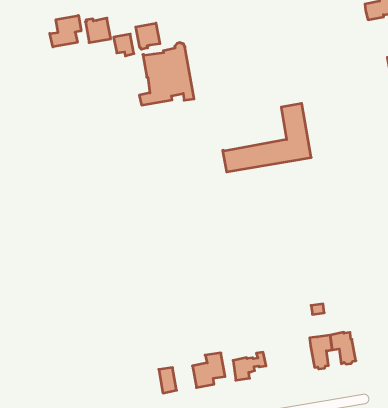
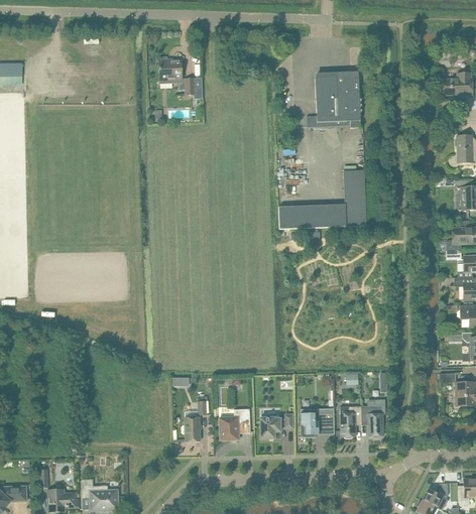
building: [50,15,81,47] -> none
building: [136,23,160,49] -> none
building: [139,43,194,105] -> [306,69,360,127]
building: none -> [300,407,334,436]

